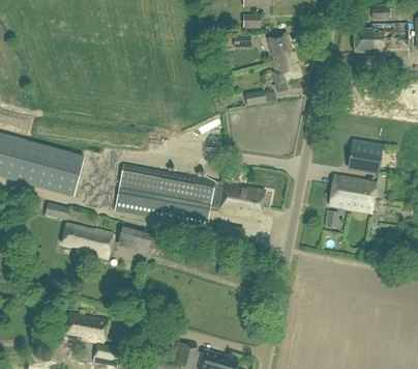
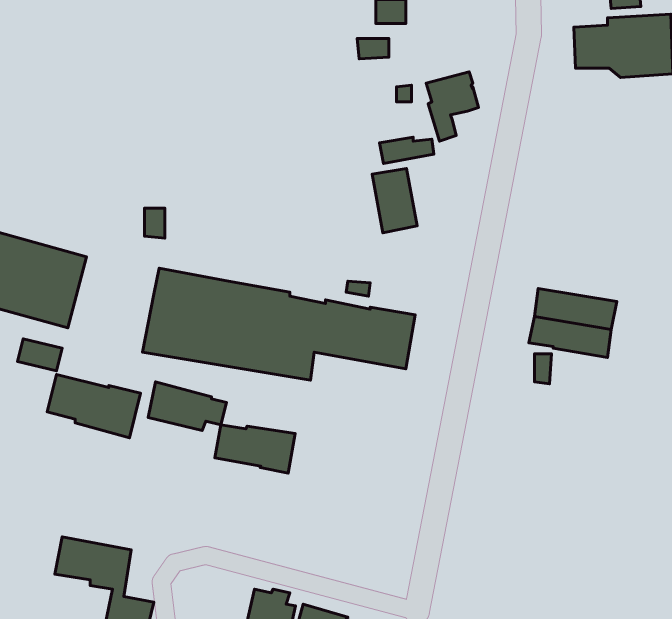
building: [267,33,295,60] -> none
building: none -> [372,169,417,233]
building: [348,138,383,173] -> none
building: none -> [215,425,295,473]

